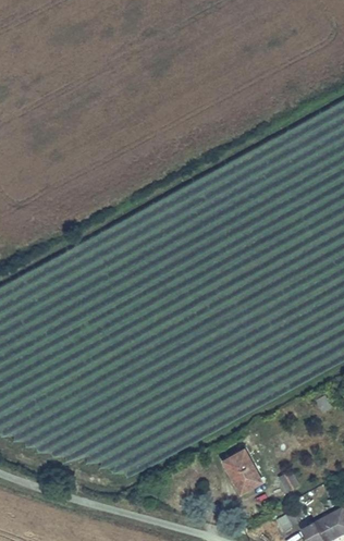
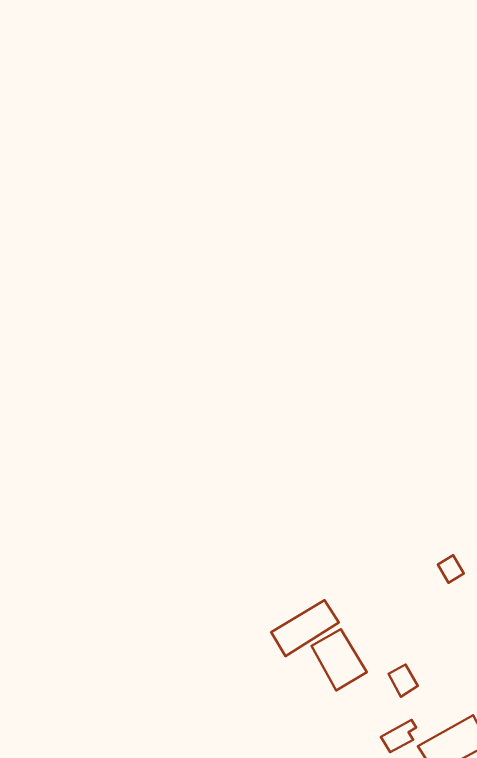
building: none -> [271,600,339,656]

